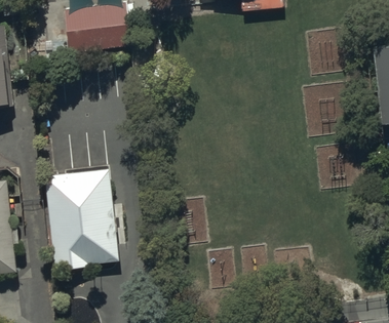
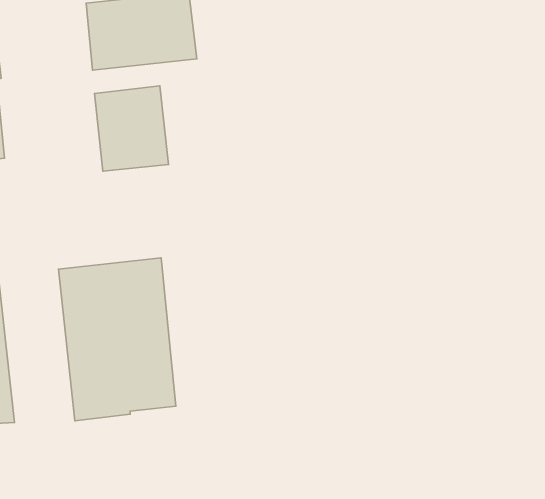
building: none -> [94,86,168,171]

